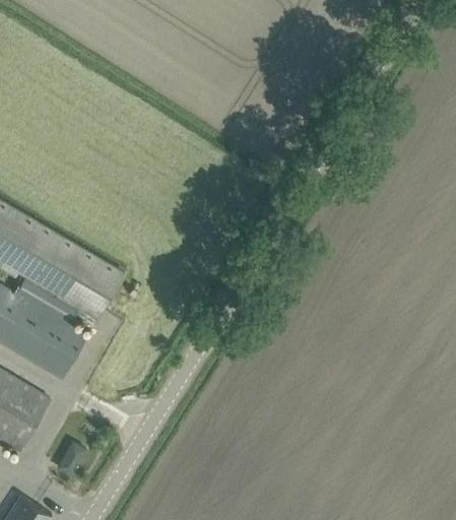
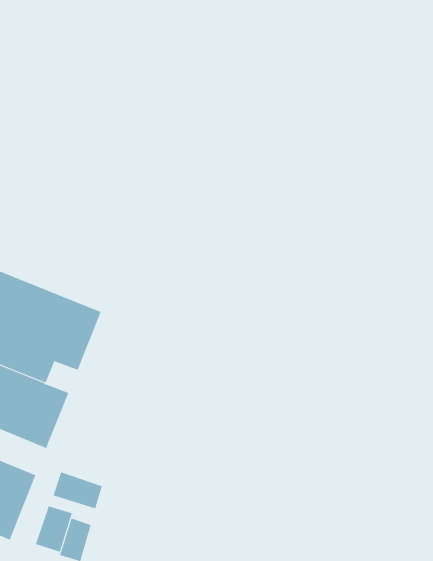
building: none -> [53,471,103,509]
building: none -> [35,506,72,552]

